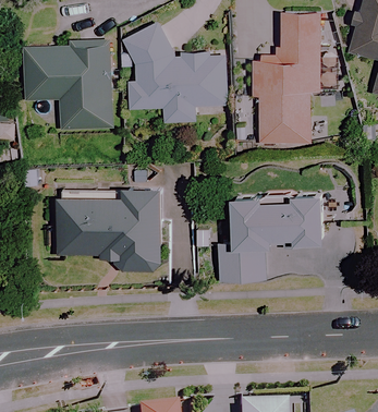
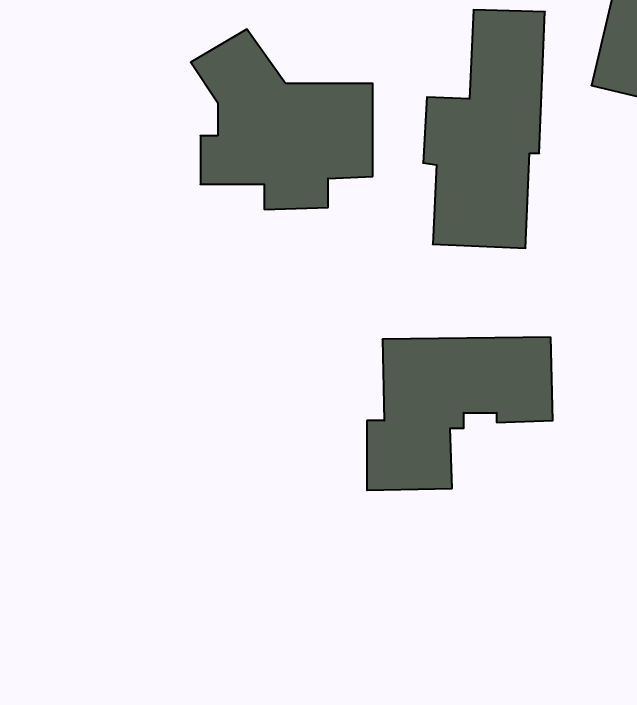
building: [27,43,114,126] -> none
building: [66,184,164,268] -> none

